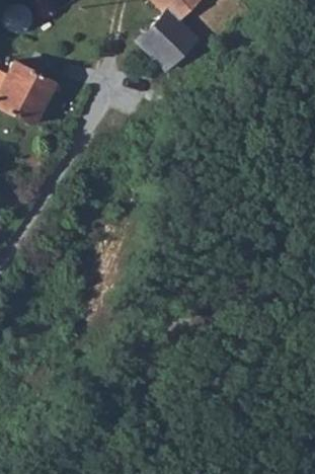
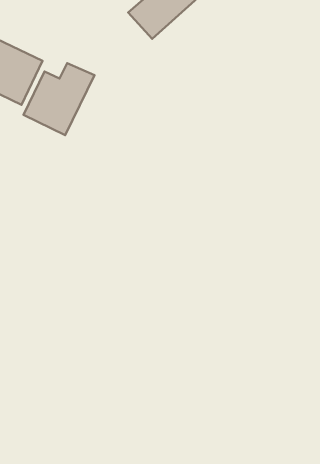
building: none -> [23,63,94,135]

